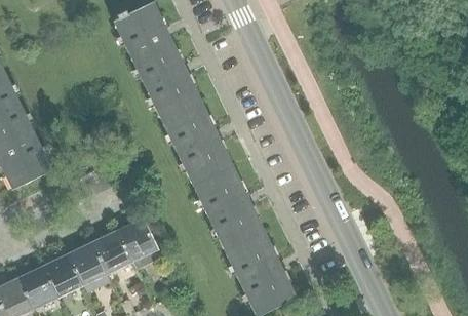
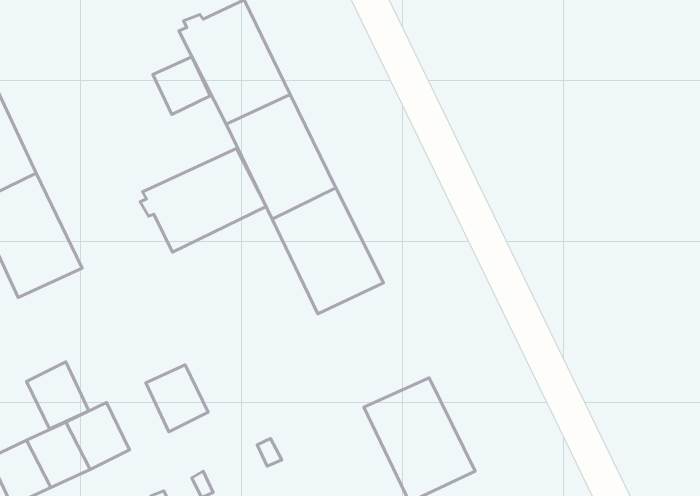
building: none -> [153,57,210,114]
building: none -> [140,148,266,252]
building: [200,180,270,258] -> none
building: [117,219,158,261] -> none
building: [68,242,107,284] -> [27,362,89,429]

